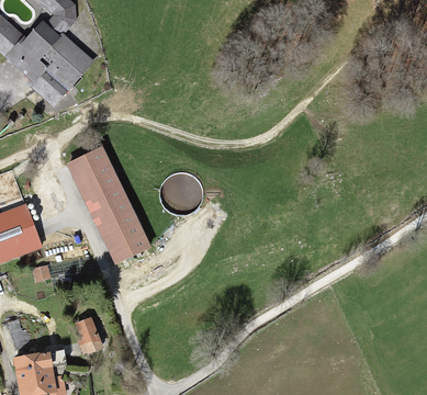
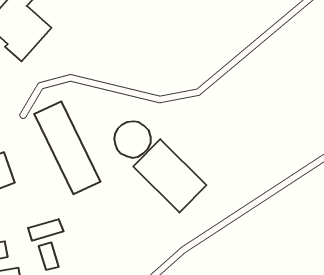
building: none -> [133,139,206,213]
building: none -> [28,219,64,241]

